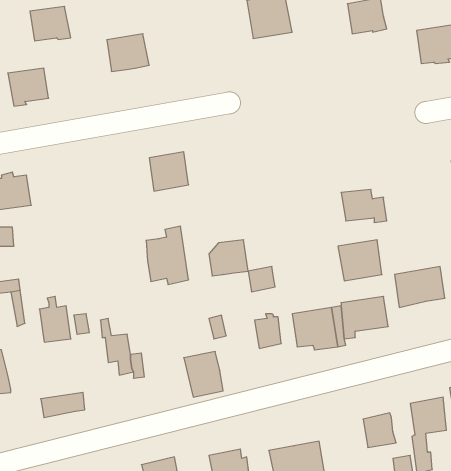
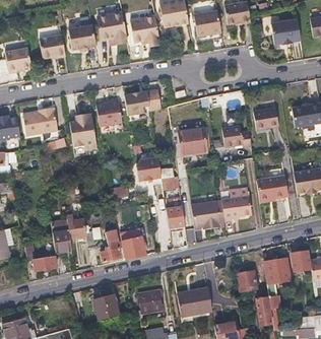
building: [30,6,71,41] -> [41,35,67,57]
building: none -> [195,10,222,36]
building: none -> [99,12,128,41]
building: none -> [131,15,162,47]
building: none -> [126,89,163,114]
building: none -> [24,106,58,134]
building: none -> [253,107,279,131]
building: [146,226,189,285] -> [70,112,98,149]
building: [338,240,382,281] -> [178,127,206,153]
building: [39,296,71,342] -> [52,223,72,253]
building: none -> [99,230,119,262]

